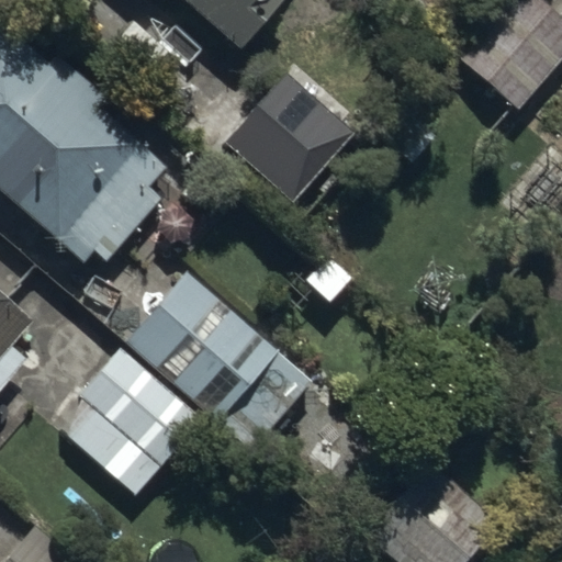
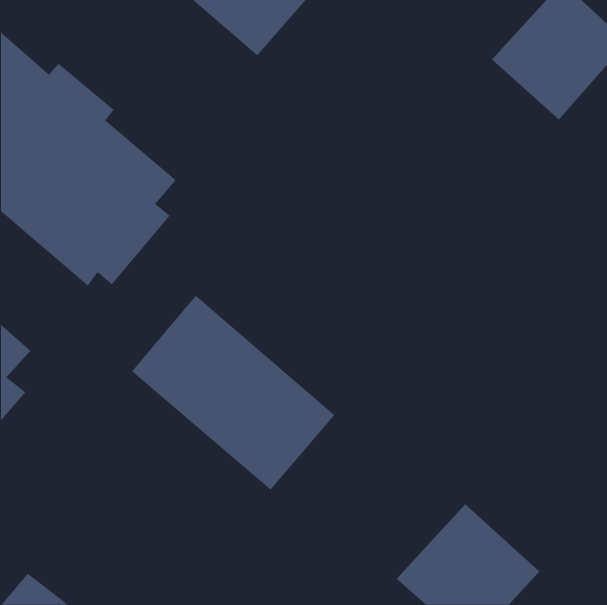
building: [225,66,360,201] -> none
building: [48,348,200,495] -> none

